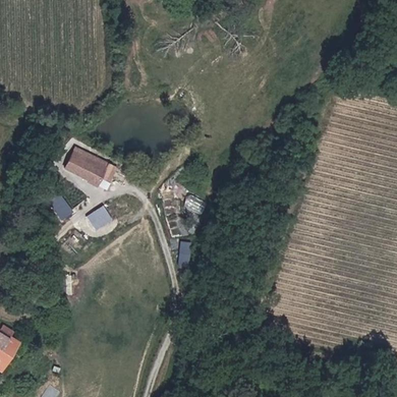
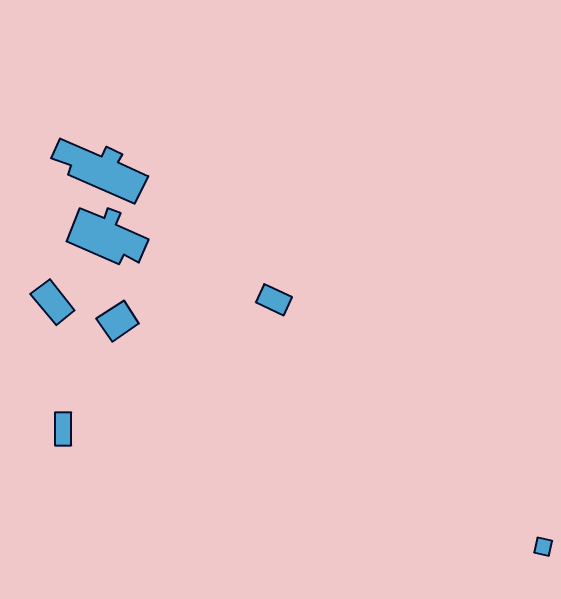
building: none -> [51,138,148,204]

